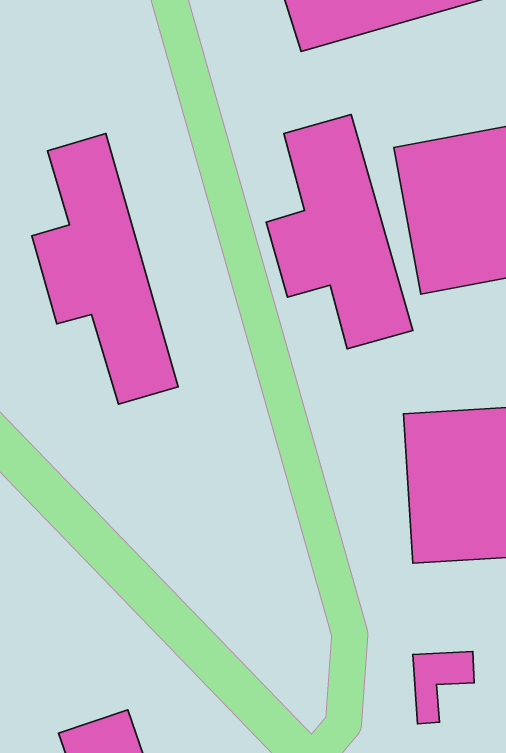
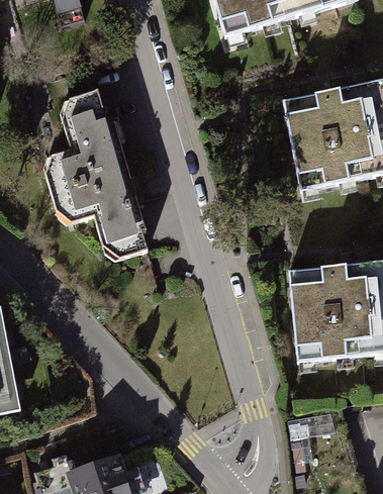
building: [266,115,413,349] -> none

